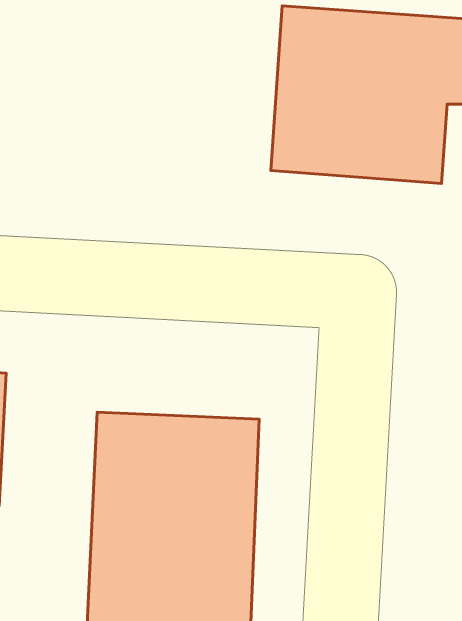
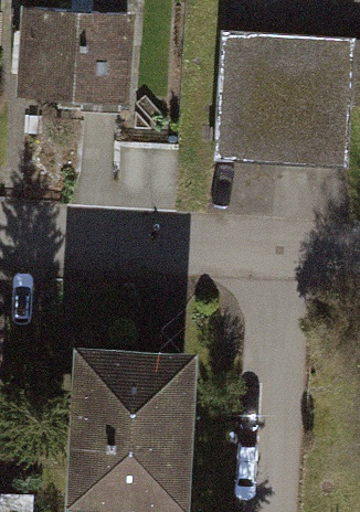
building: none -> [18,35,119,120]

